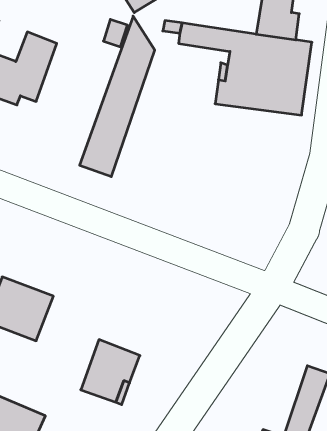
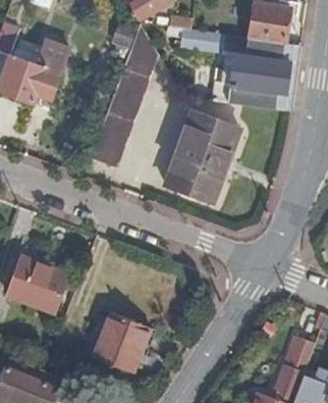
building: none -> [162,109,234,195]

